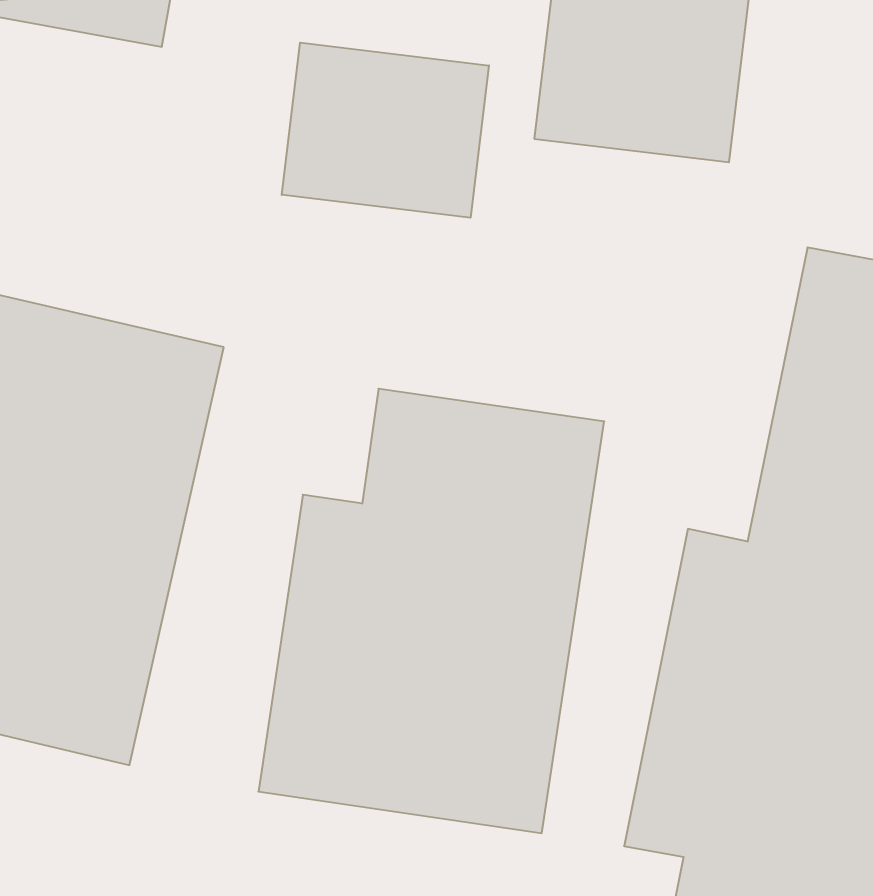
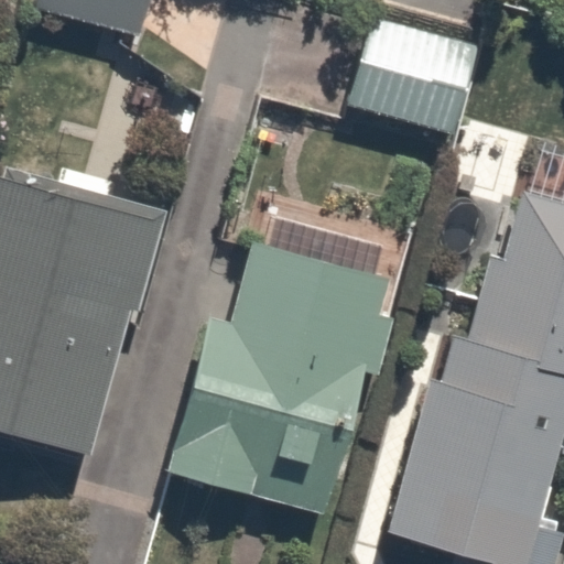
building: [282,43,489,218] -> none

